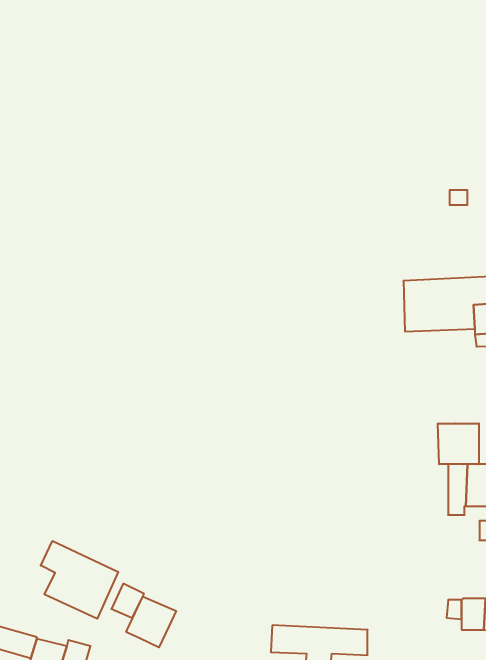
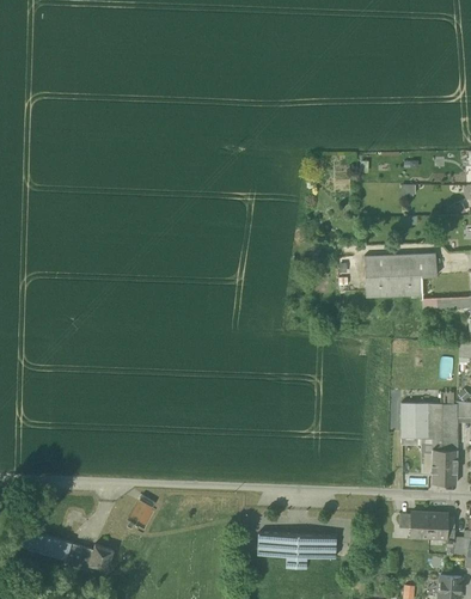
building: [438,423,479,464] -> none
building: [41,541,118,619] -> none
building: [126,597,176,647] -> none

